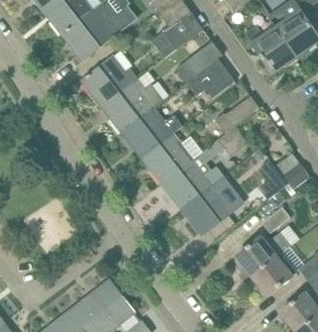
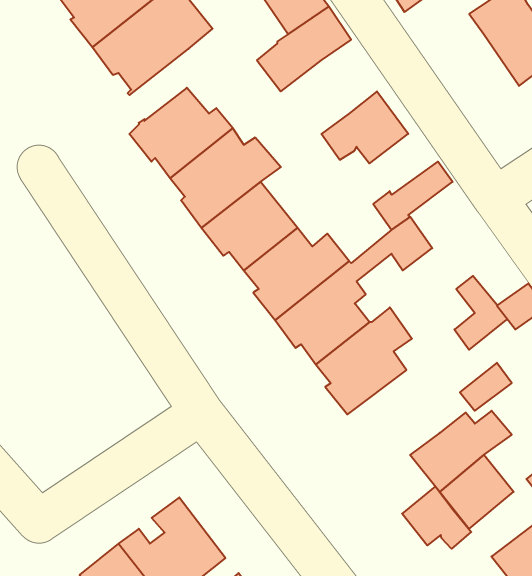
building: [244,25,295,73] -> none
building: [177,40,222,81] -> none
building: none -> [402,486,471,549]

